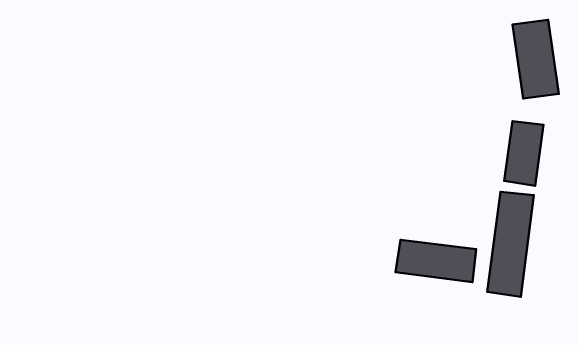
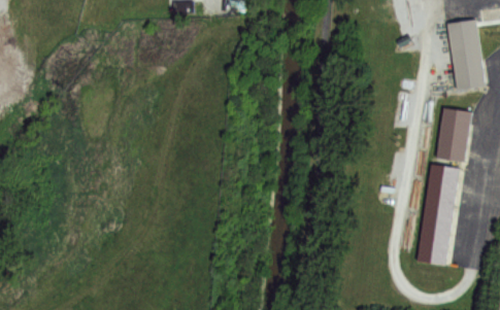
building: [396,240,476,282] -> none

